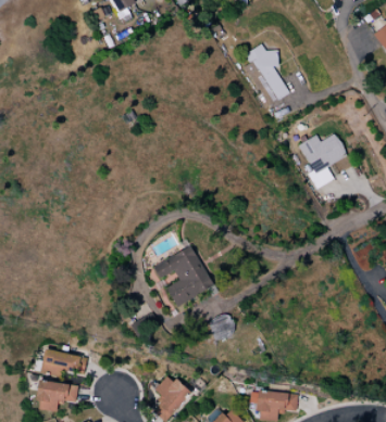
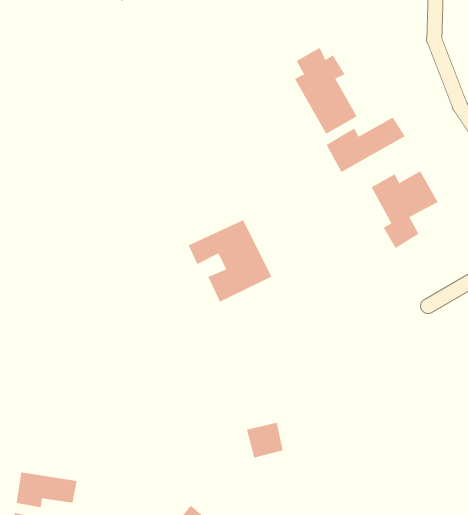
building: none -> [326,117,405,173]
building: [153,246,214,306] -> [188,220,272,302]

